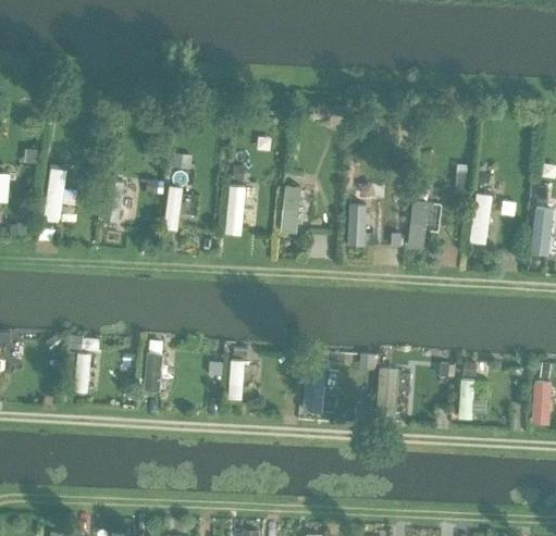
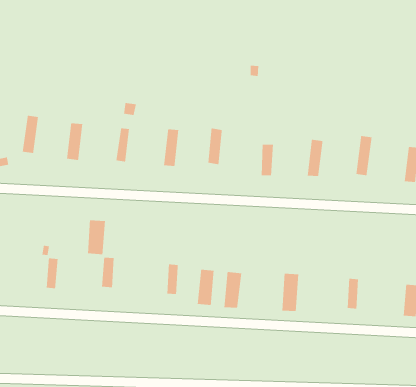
building: none -> [87,219,106,255]
building: none -> [197,269,214,306]

